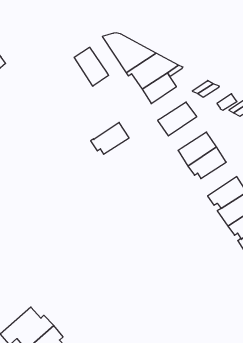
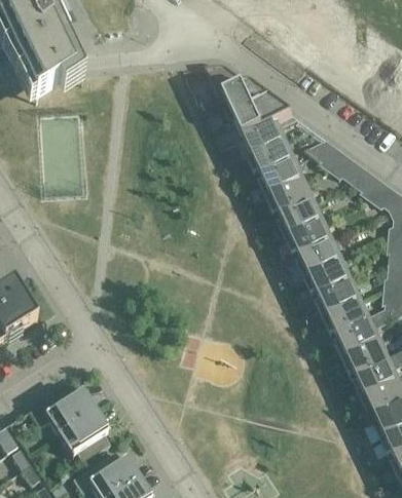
building: [74,47,109,86] -> none
building: none -> [268,182,316,218]
building: [91,122,129,154] -> [249,142,296,178]
building: none -> [296,242,344,280]

